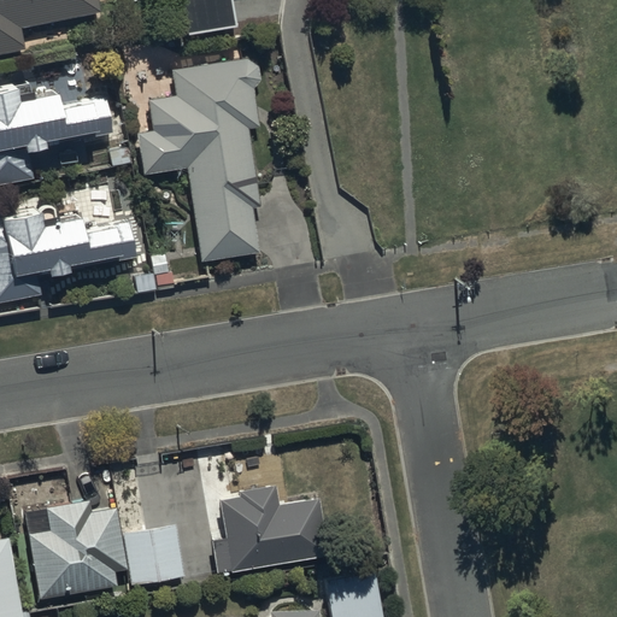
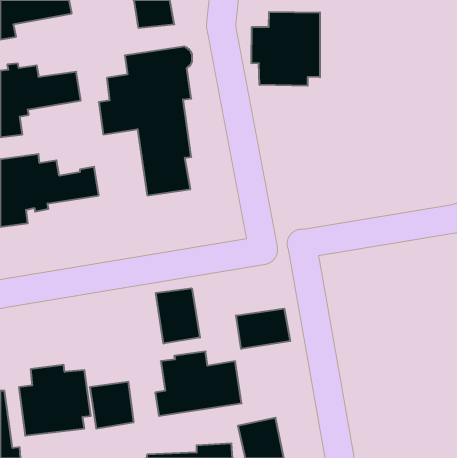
building: none -> [251,12,320,86]
building: none -> [156,288,200,344]
building: none -> [236,309,290,349]

